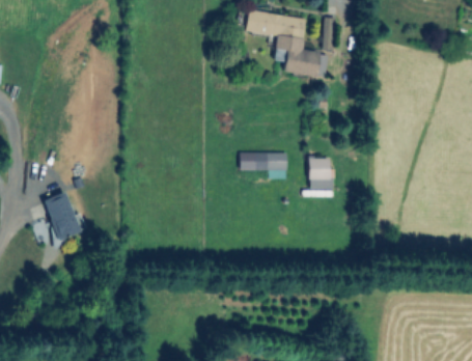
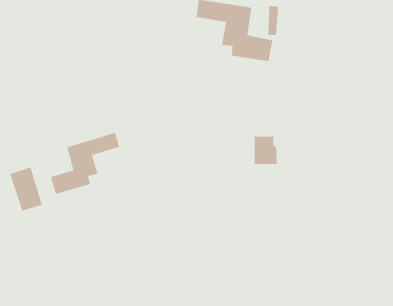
building: [240,151,287,178] -> none
building: none -> [50,132,120,195]

